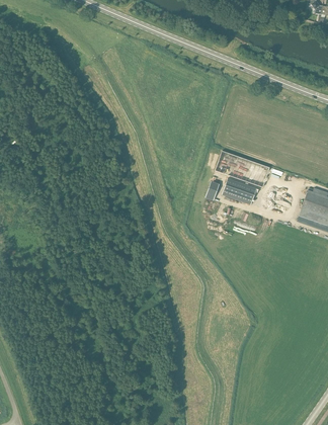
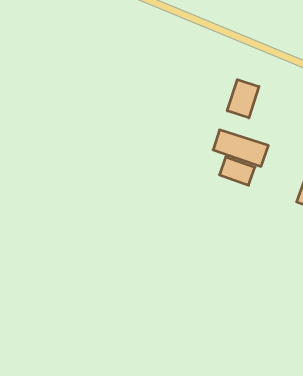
building: none -> [227,80,259,118]

